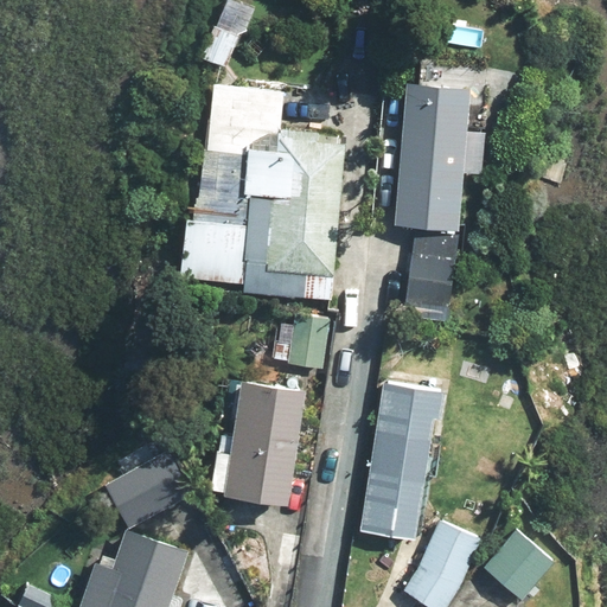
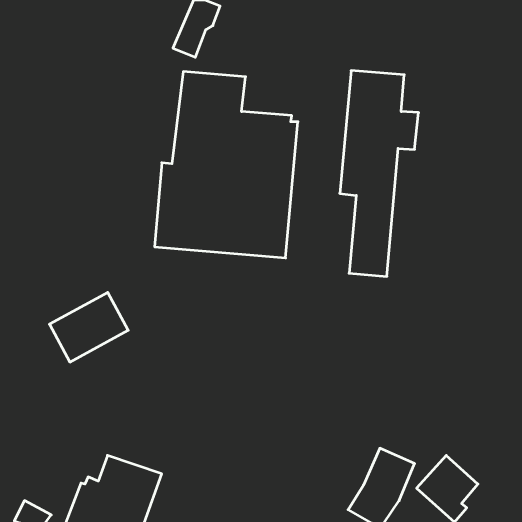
building: [275,314,331,369] -> none
building: [211,381,302,503] -> none
building: [359,382,445,539] -> none
building: [103,448,194,529] -> [49,292,128,362]

